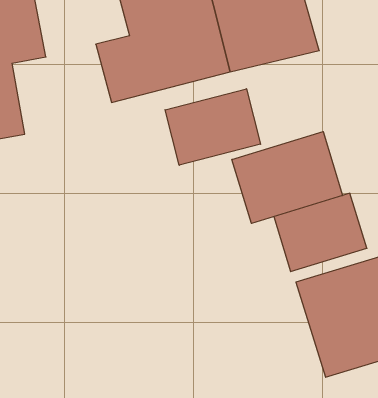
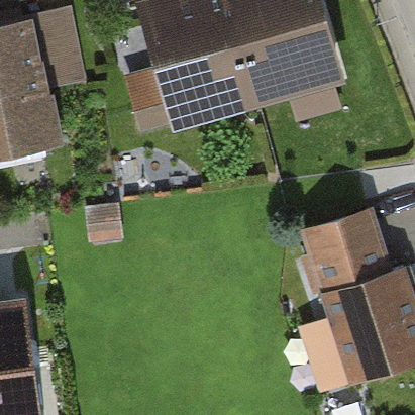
building: [165,89,261,165] -> none
building: [232,132,343,223] -> none

